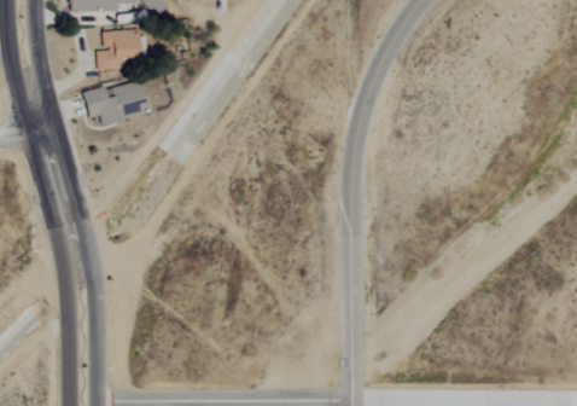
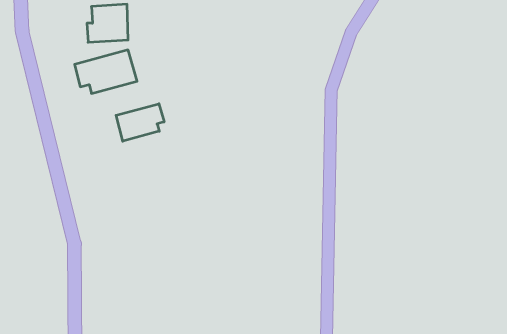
building: none -> [116,104,164,141]

